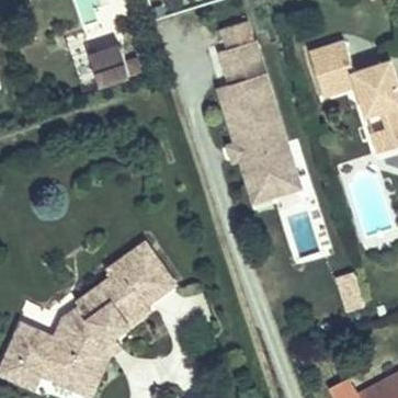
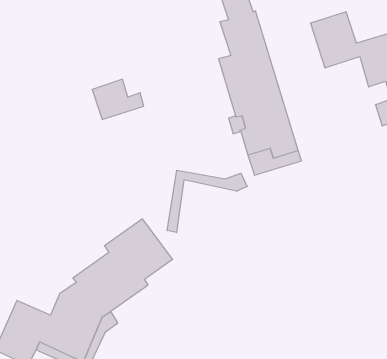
building: [90,45,140,84] -> [92,79,144,120]
building: none -> [167,170,247,233]

